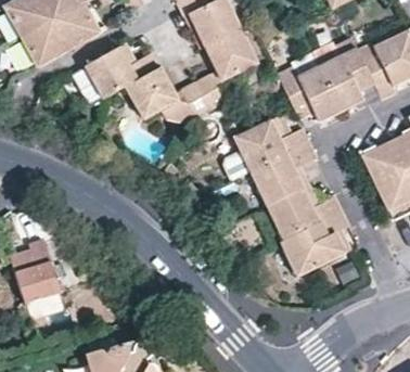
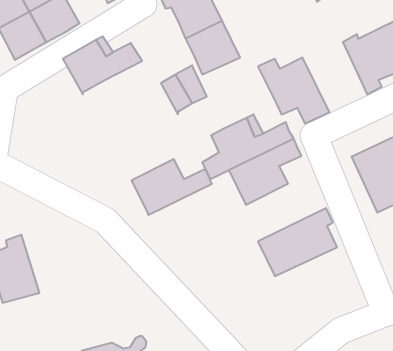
building: [317,36,372,117] -> none
building: [125,67,176,117] -> none
building: [261,187,339,241] -> [132,159,212,215]

